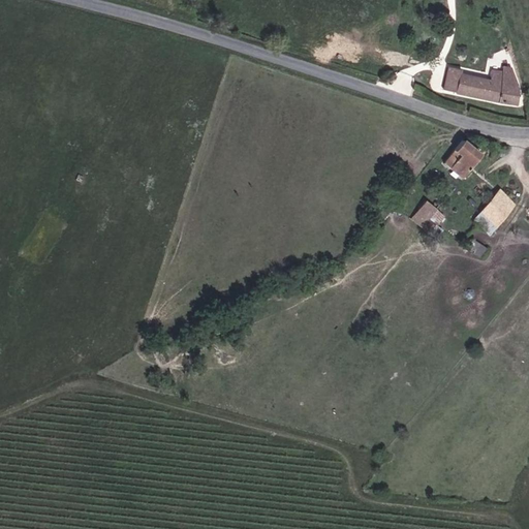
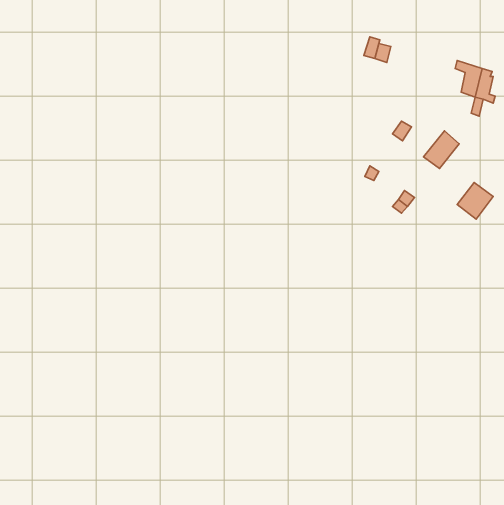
building: [445,60,488,98] -> none

